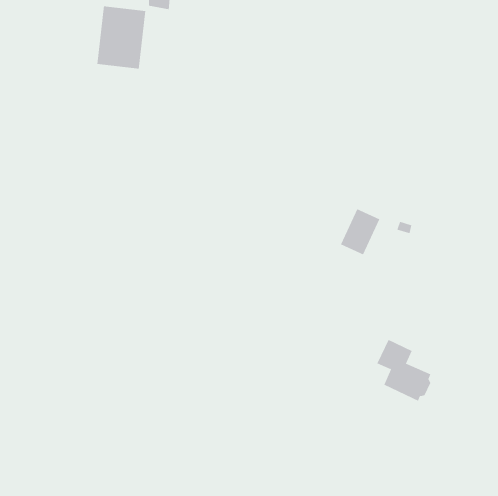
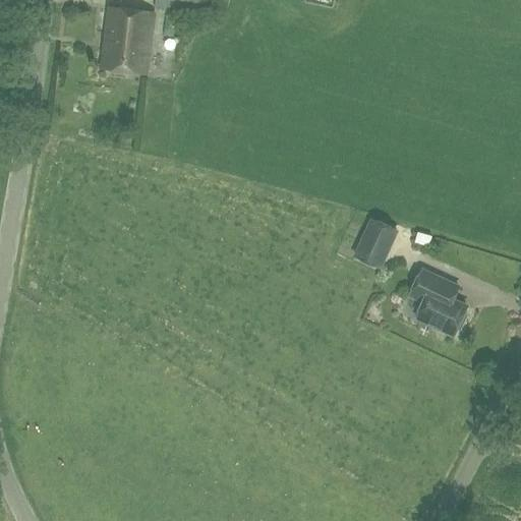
building: [377,339,431,401] -> [410,269,467,334]

